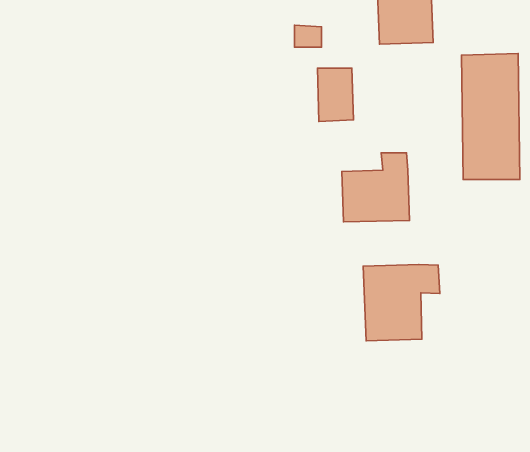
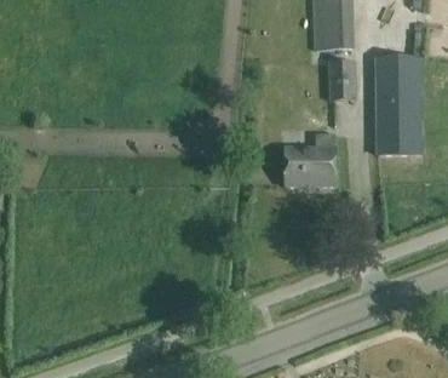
building: [317,68,354,122] -> [328,61,356,102]
building: [363,265,440,341] -> none

